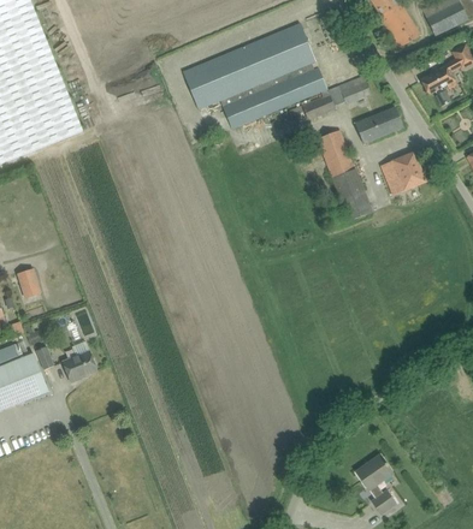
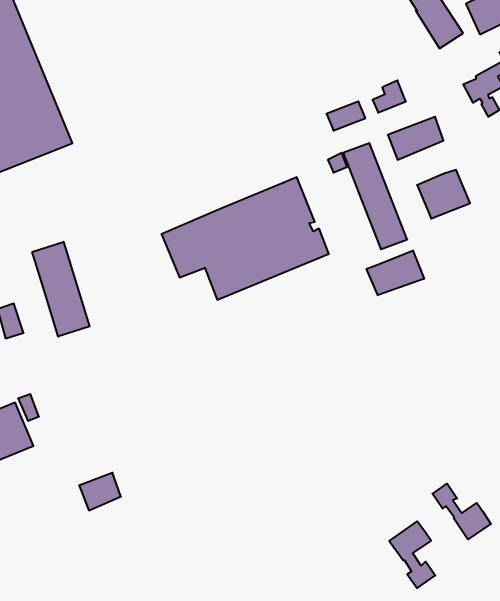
building: [183,22,327,127] -> [161,177,329,300]
building: none -> [32,242,90,337]
building: none -> [367,250,424,295]
building: [61,349,97,381] -> [79,473,121,510]
building: none -> [432,484,491,539]

